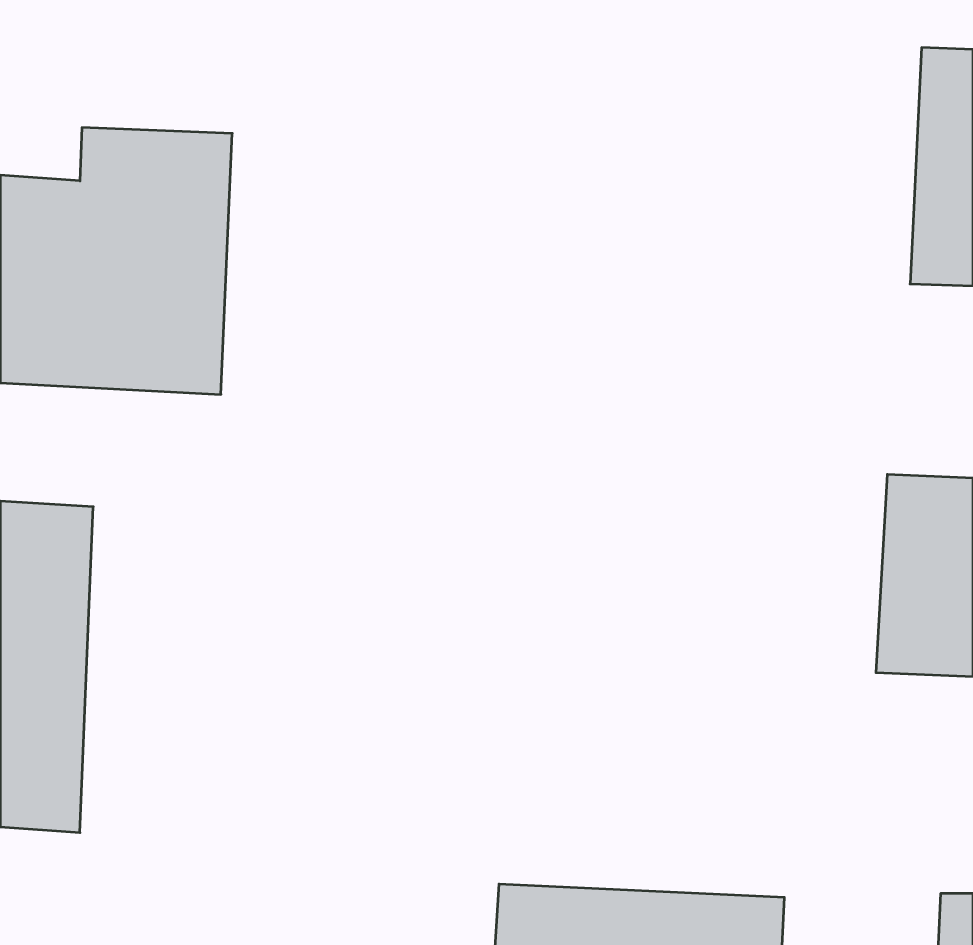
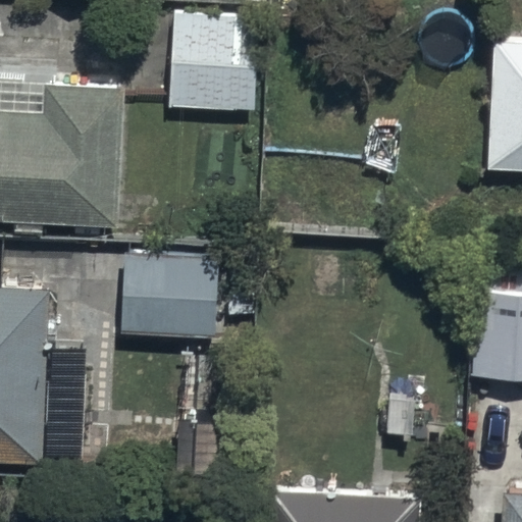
building: none -> [168,23,255,117]
building: none -> [121,261,215,344]

